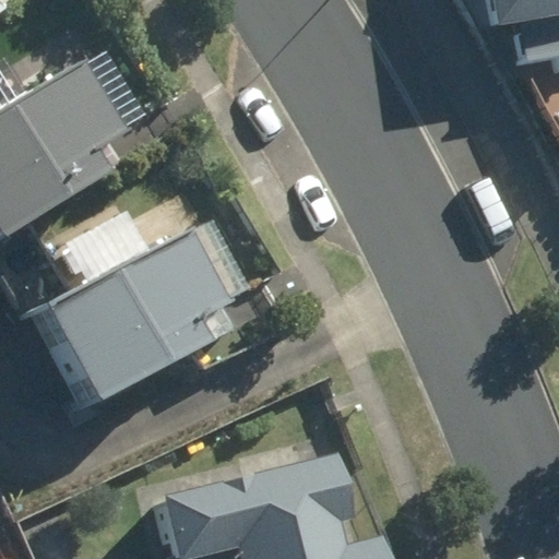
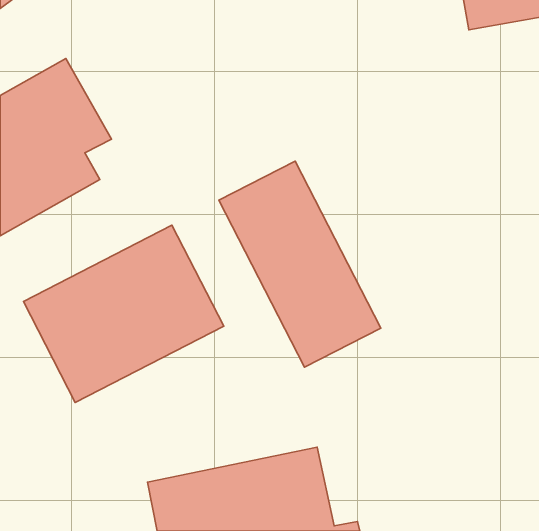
building: none -> [219,161,381,367]

